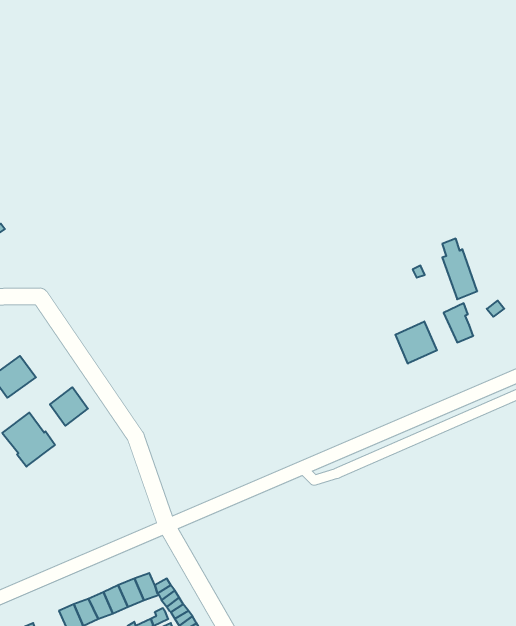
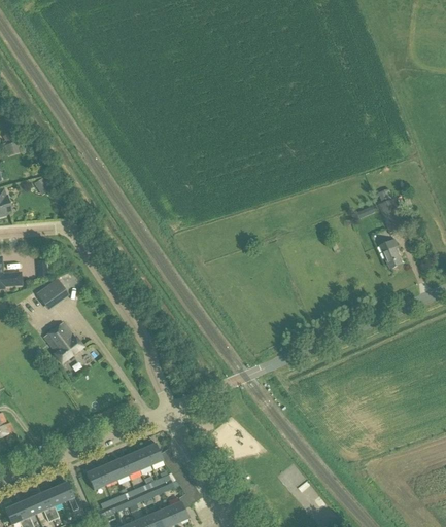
building: [395,321,437,364] -> none
building: [50,387,88,426] -> none

